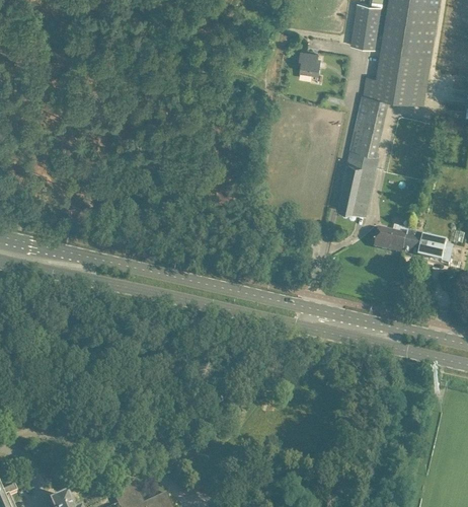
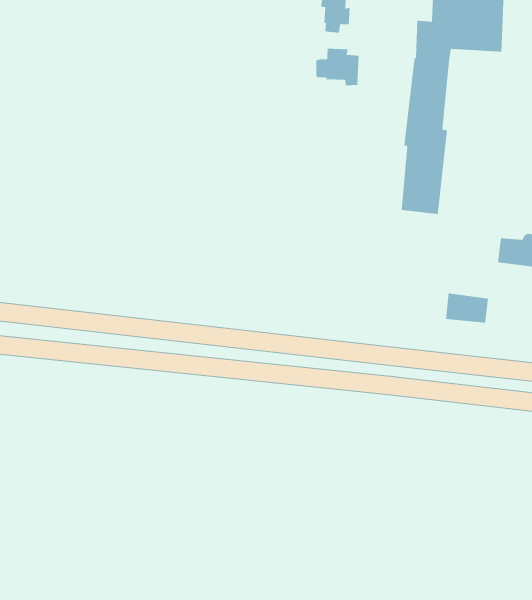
building: none -> [316,48,359,86]
building: [375,229,407,254] -> [445,293,489,323]

